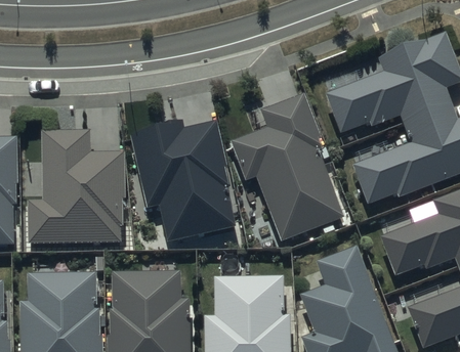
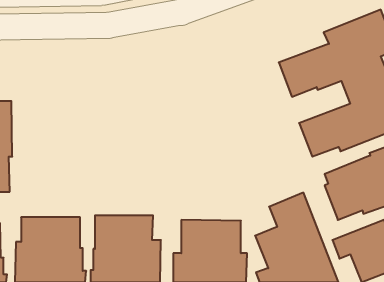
building: [231,93,344,241] -> none
building: [129,122,235,244] -> none
building: [29,131,125,244] -> none

